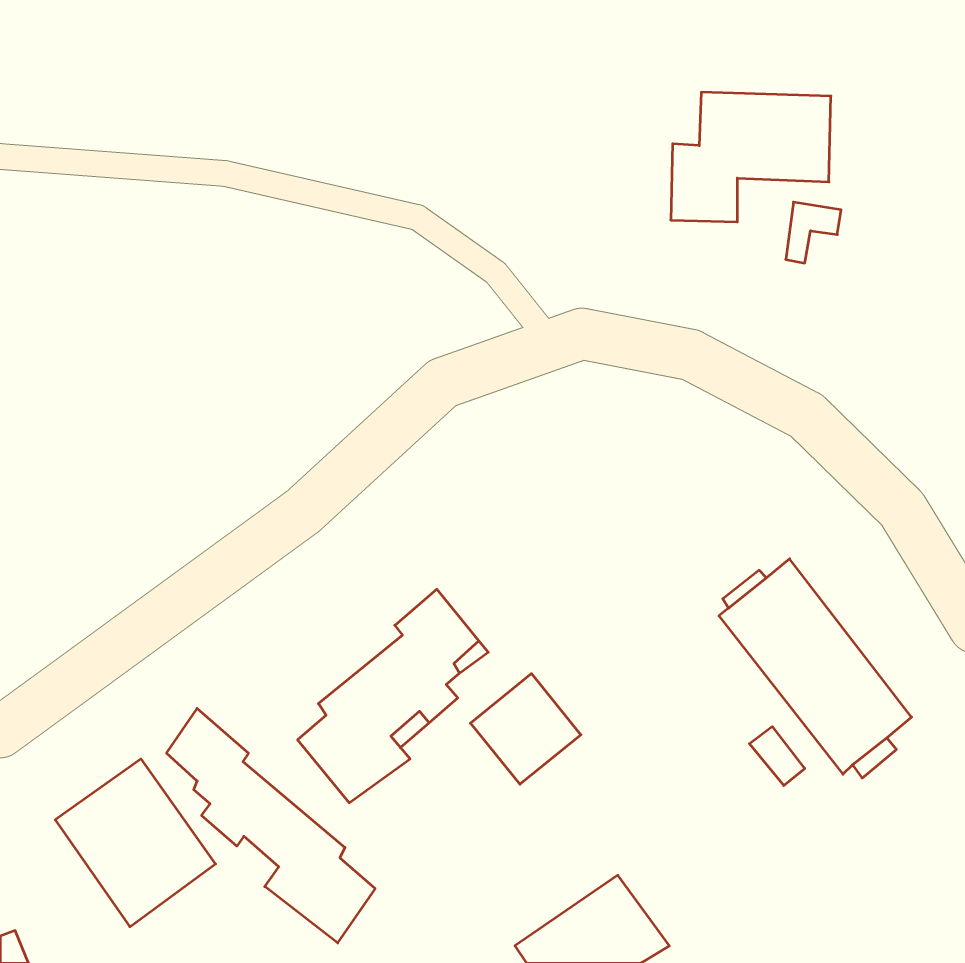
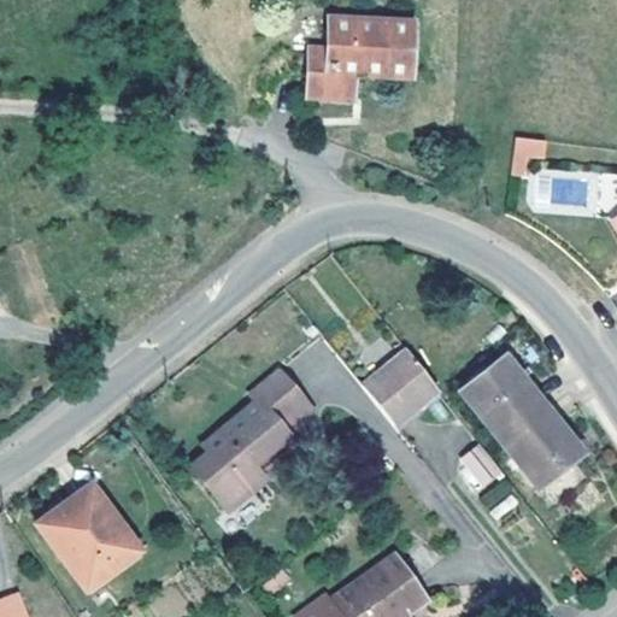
building: [671,92,831,222] -> [301,17,402,99]
building: [470,674,581,784] -> [368,354,437,424]
building: [167,708,375,943] -> none

